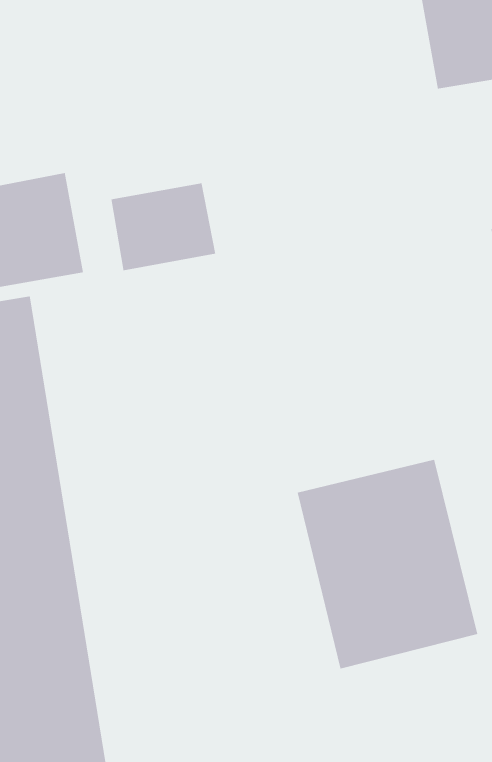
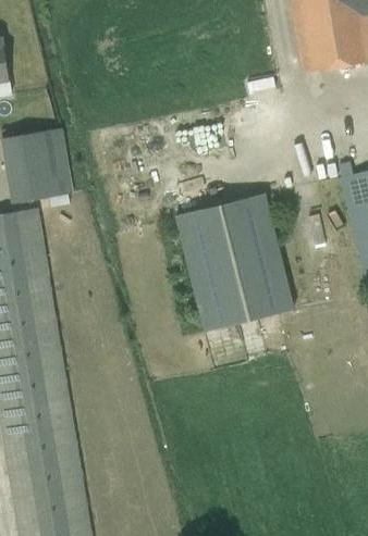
building: [111,182,216,271] -> none
building: [297,459,478,669] -> [174,192,293,329]

